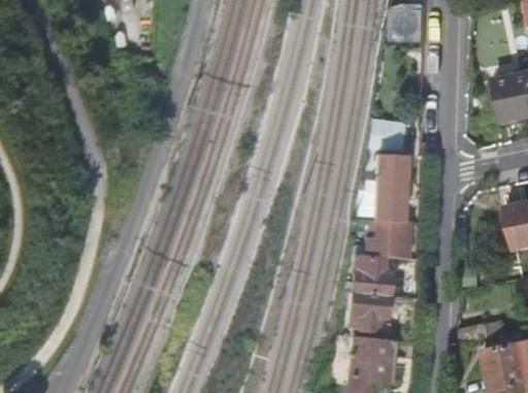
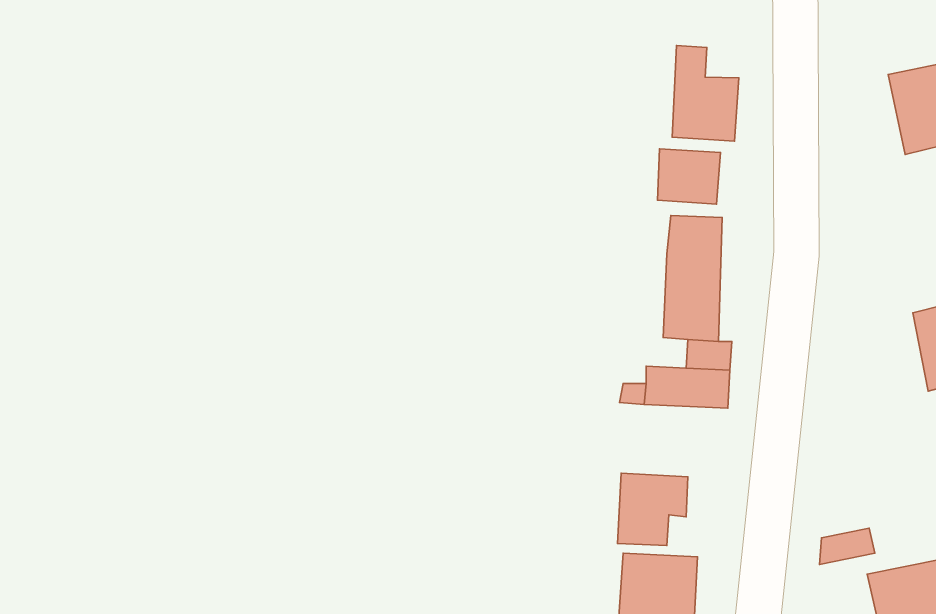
building: none -> [672,46,739,141]
building: [353,261,390,297] -> none

